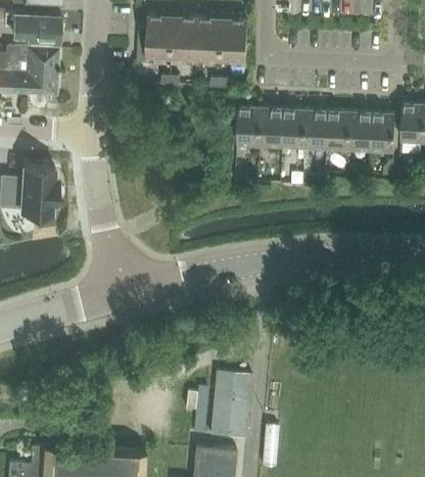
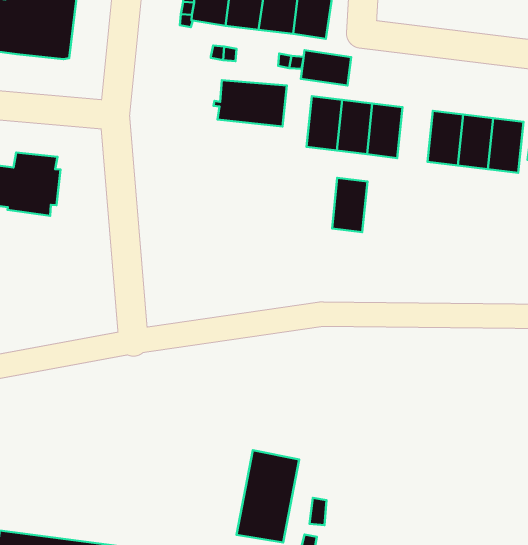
building: none -> [301,50,351,86]
building: none -> [214,80,287,126]
building: [304,110,328,149] -> [332,178,368,232]

